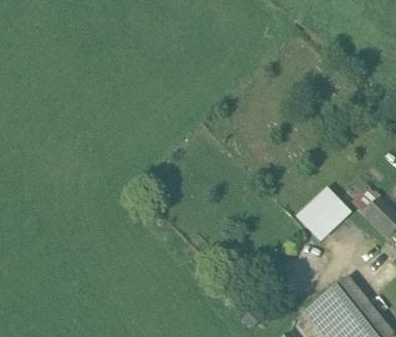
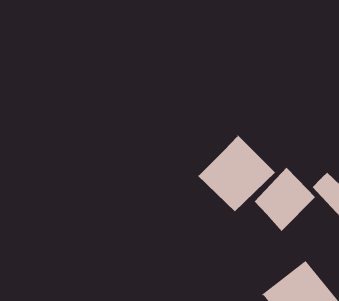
building: none -> [197,135,276,212]

